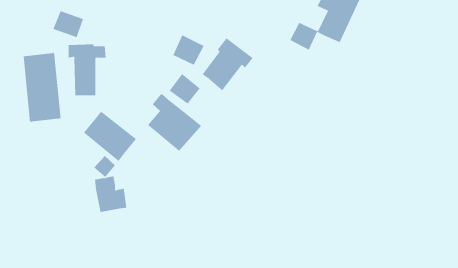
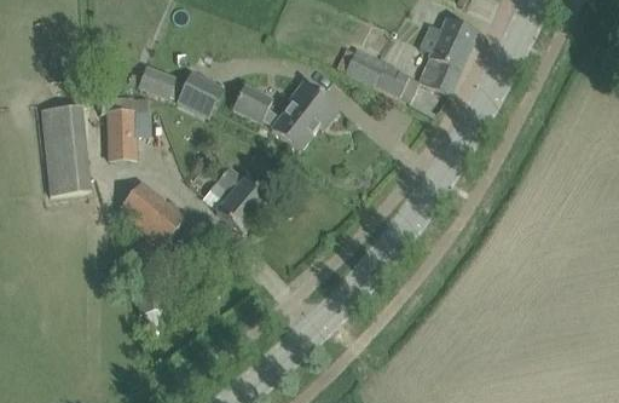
building: none -> [345,47,384,85]
building: [53,10,84,38] -> [137,64,177,99]
building: none -> [177,70,225,117]
building: [169,73,201,105] -> none

